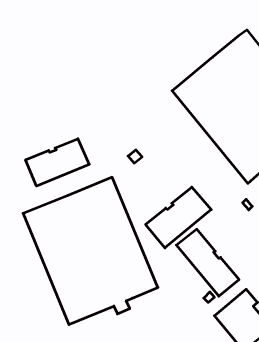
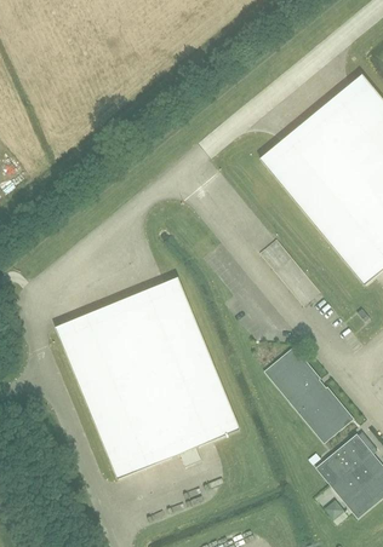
building: [26,139,89,186] -> none
building: [146,187,211,248] -> none

